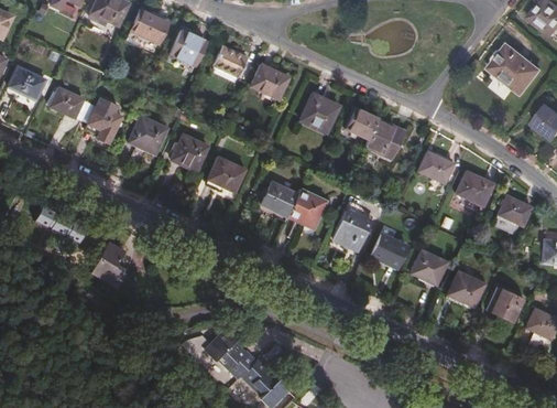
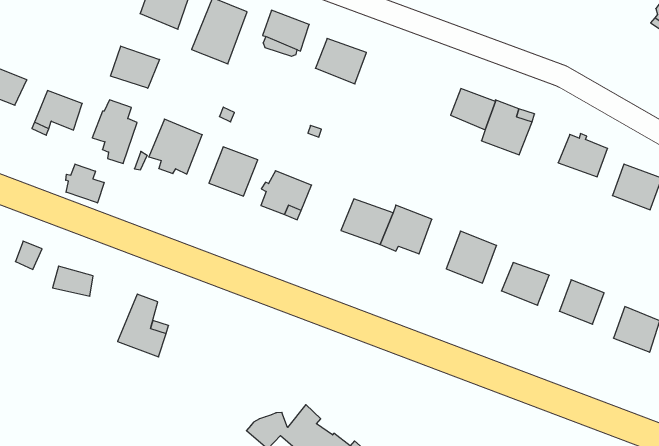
building: none -> [111,46,160,88]
building: [302,96,338,131] -> none
building: none -> [66,164,104,203]

